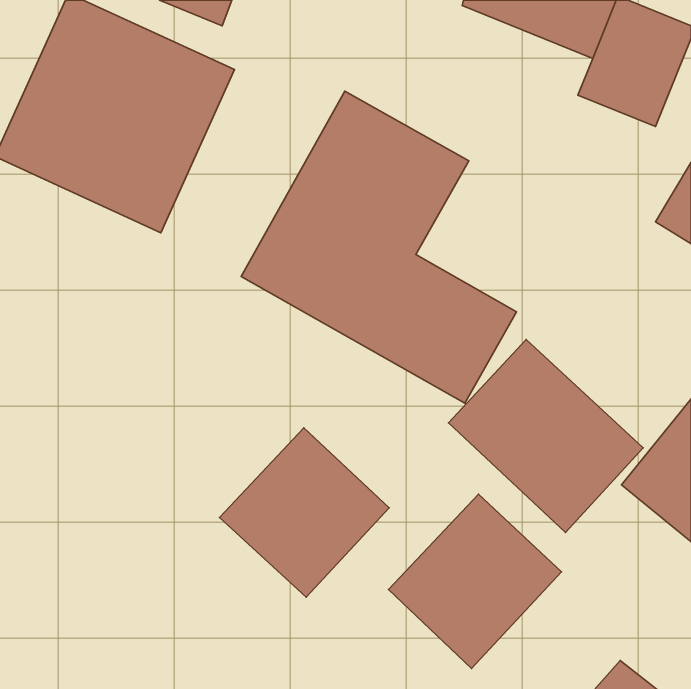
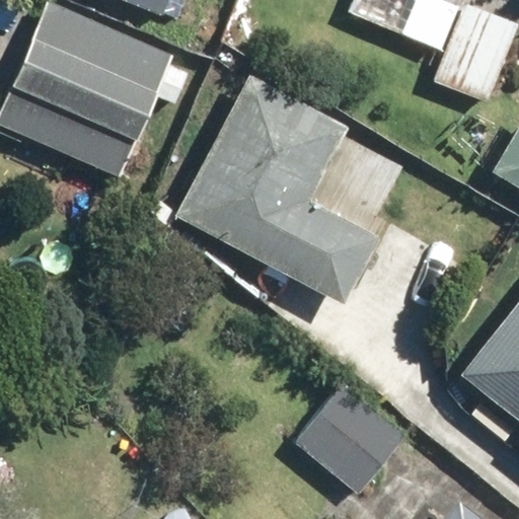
building: [449,340,643,533] -> none
building: [220,428,389,597] -> none

